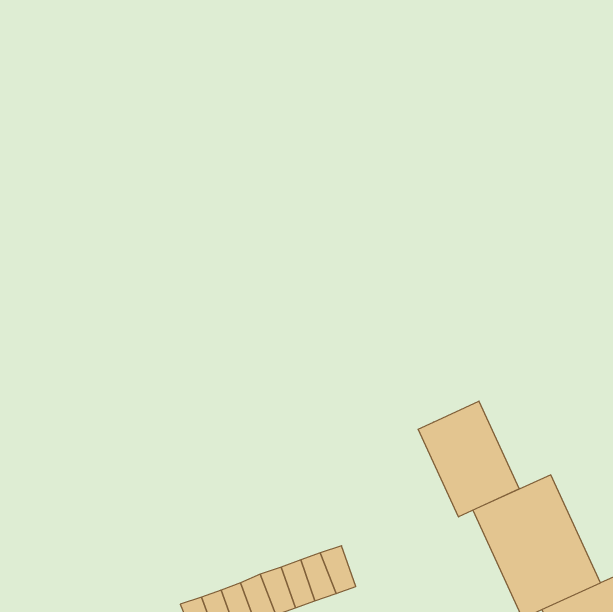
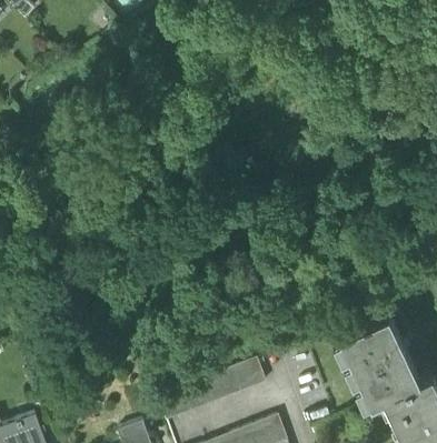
building: [418,401,519,517] -> none

